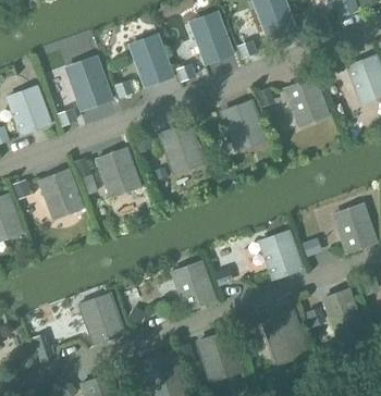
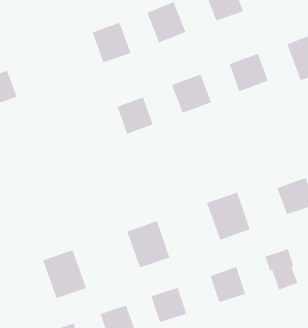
building: [67,65,113,111] -> none
building: [96,147,142,198] -> none
building: [37,169,79,210] -> none

